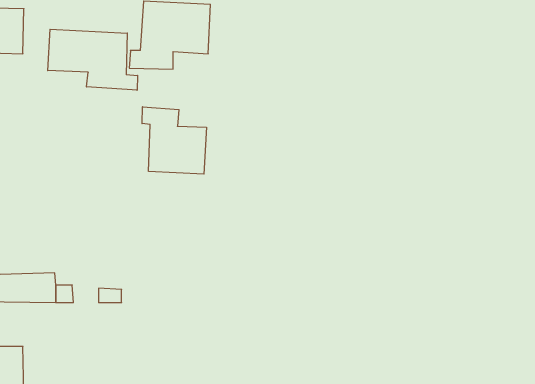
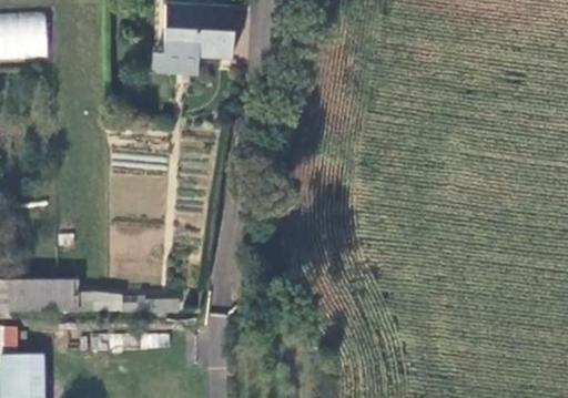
building: [48,29,138,90] -> none
building: [142,107,206,174] -> none

